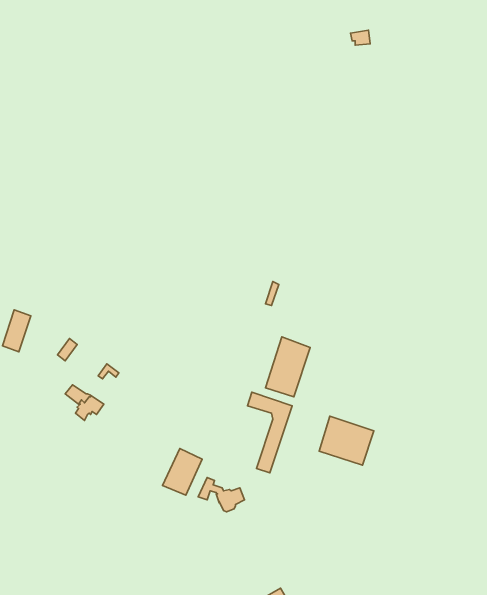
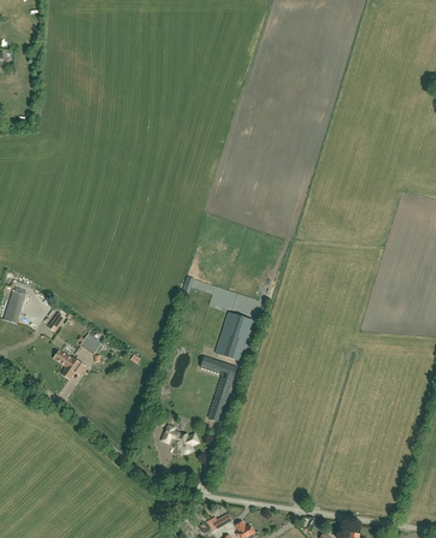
building: [319,416,374,465] -> none
building: [163,449,202,495] -> none

